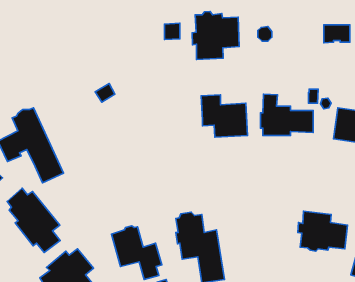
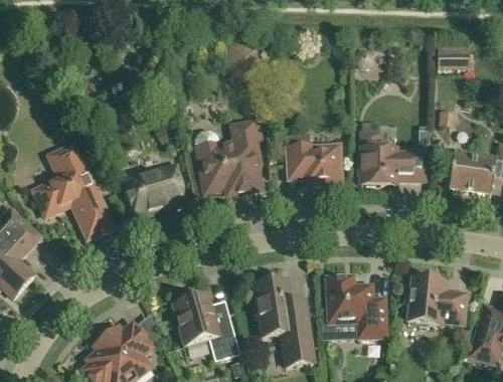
building: [192,11,239,59] -> none
building: none -> [197,121,262,197]
building: none -> [123,165,188,218]
building: [7,188,60,253] -> none
building: none -> [327,276,387,339]

